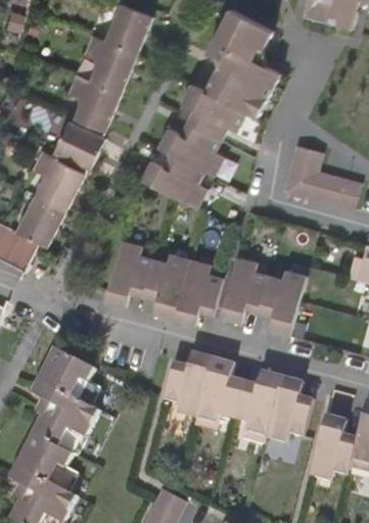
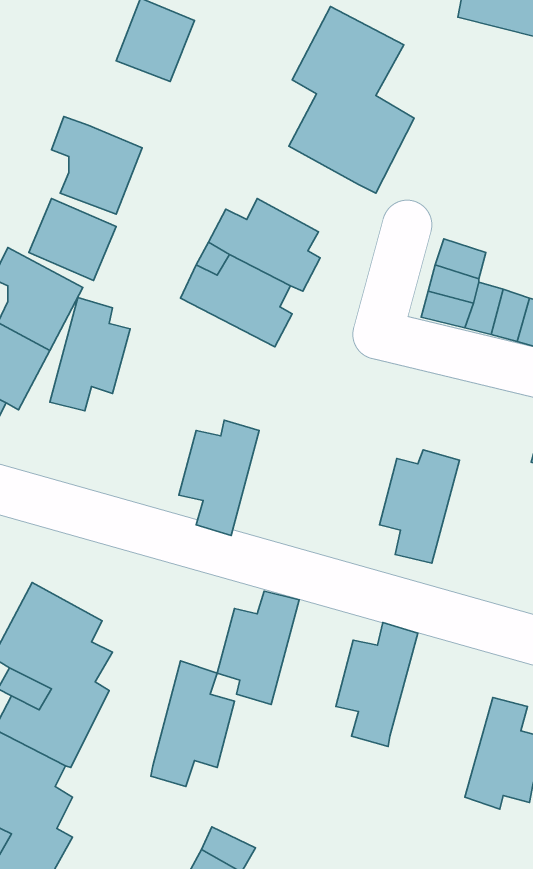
building: [83,35,136,91] -> none
building: [181,83,246,140] -> none
building: [104,238,151,304] -> [50,297,130,411]
building: [220,255,269,321] -> none
building: [172,256,222,324] -> none
building: [194,355,243,429] -> [151,661,235,787]
building: [265,375,312,440] -> none

